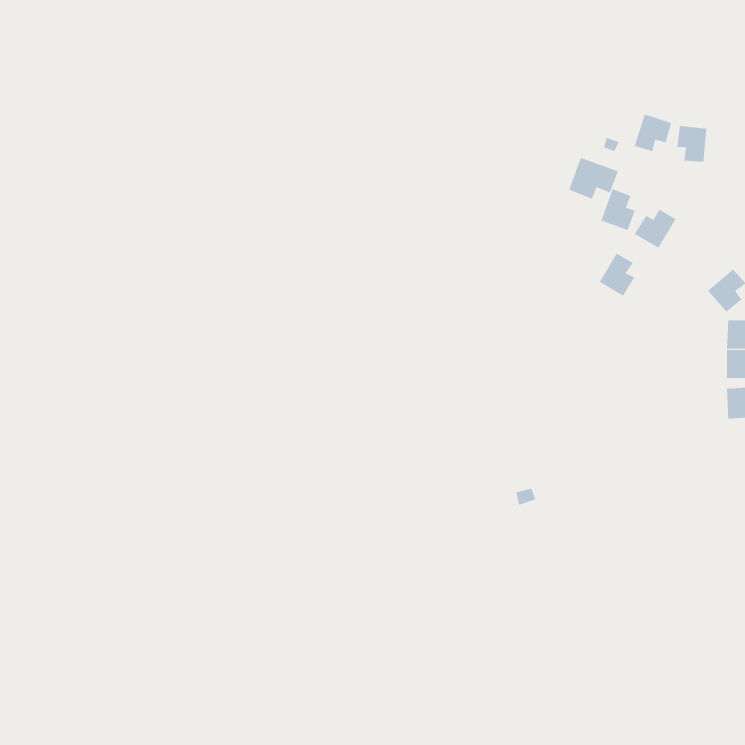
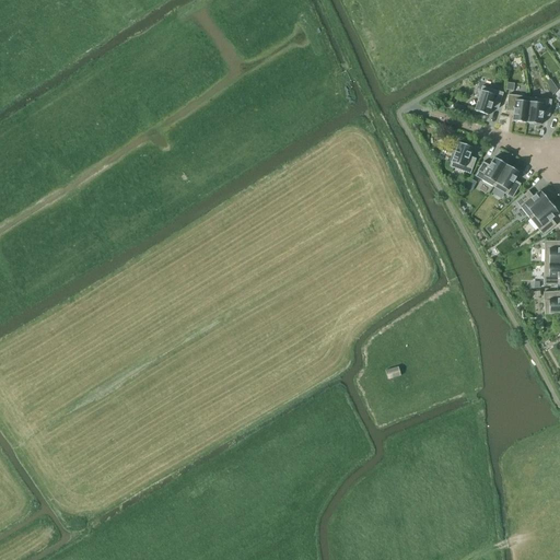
building: none -> [528,96,552,124]
building: [568,157,619,200] -> none
building: none -> [516,189,550,218]
building: [599,253,635,297] -> [494,164,522,197]

